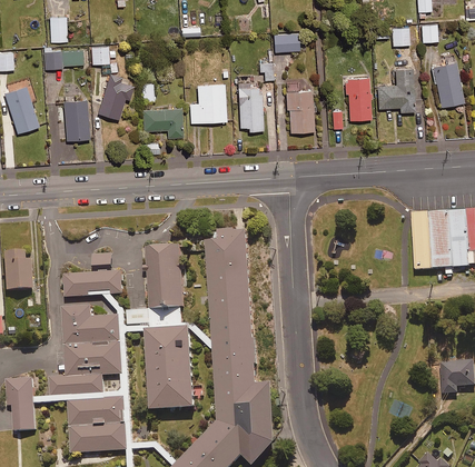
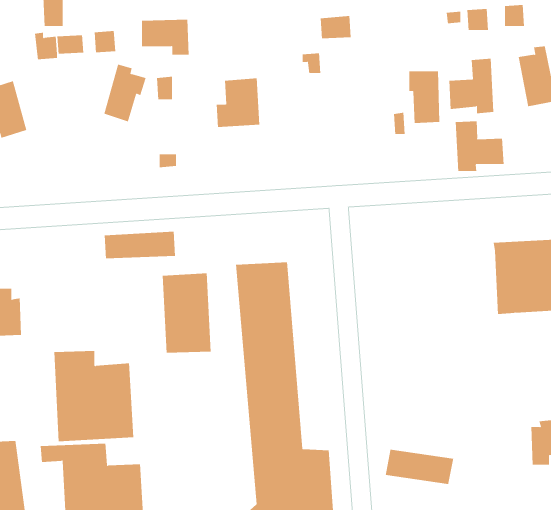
building: [235,82,261,130] -> none
building: [284,90,311,131] -> none
building: [63,98,89,139] -> none
building: [141,108,180,137] -> [141,19,190,55]
building: none -> [455,121,504,172]
building: [63,271,121,294] -> [104,231,176,259]
building: [146,326,200,410] -> none
building: none -> [385,449,454,485]

